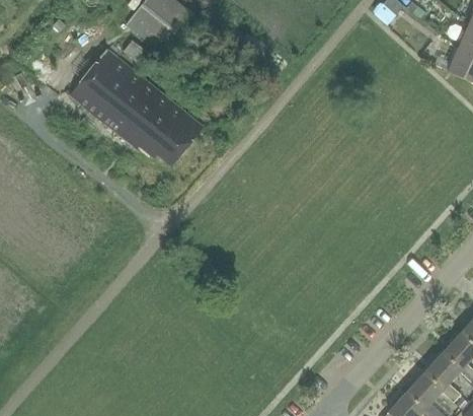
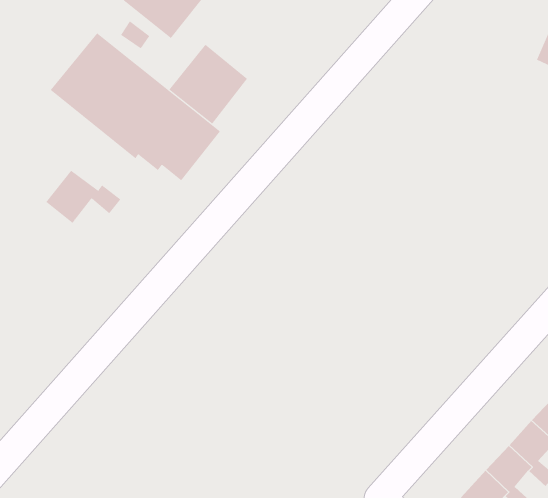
building: none -> [169,44,248,124]
building: none -> [45,170,121,224]

